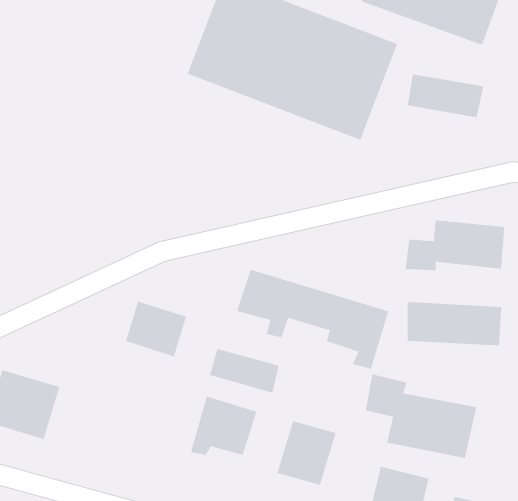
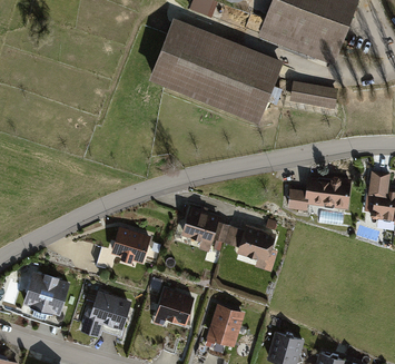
building: [407,301,502,346] -> none
building: [209,348,279,393] -> none
building: [365,373,477,459] -> none
building: none -> [80,291,129,335]

